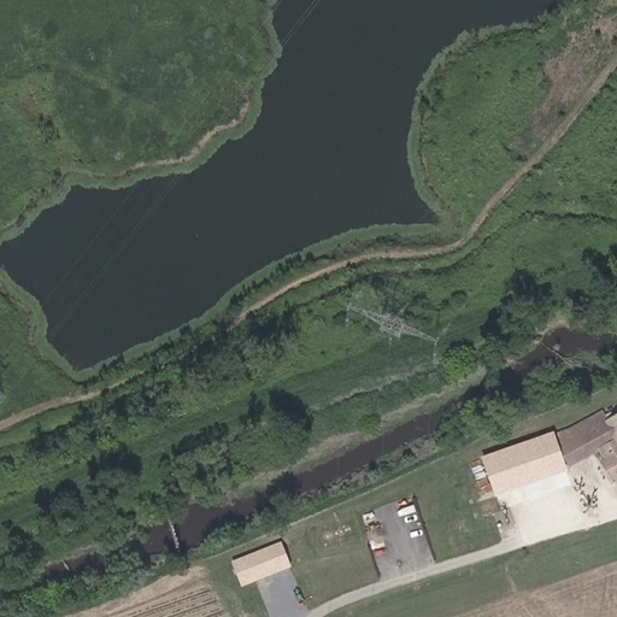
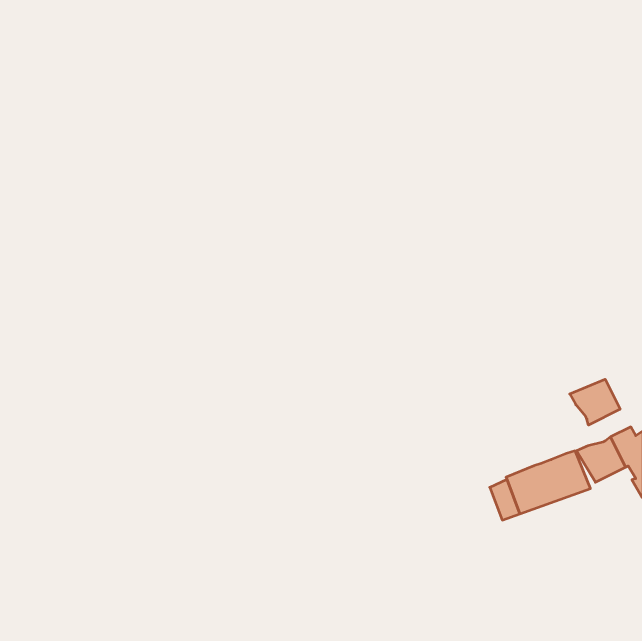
building: none -> [570,379,620,425]
building: [237,543,289,583] -> none

